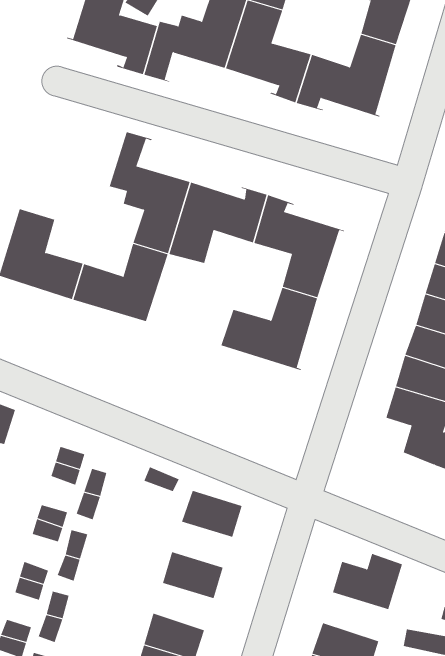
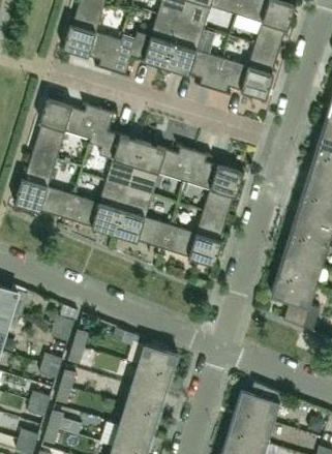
building: none -> [30,98,100,165]
building: none -> [114,188,171,248]
building: none -> [130,364,171,394]
building: none -> [118,404,158,435]
building: none -> [230,411,273,443]

